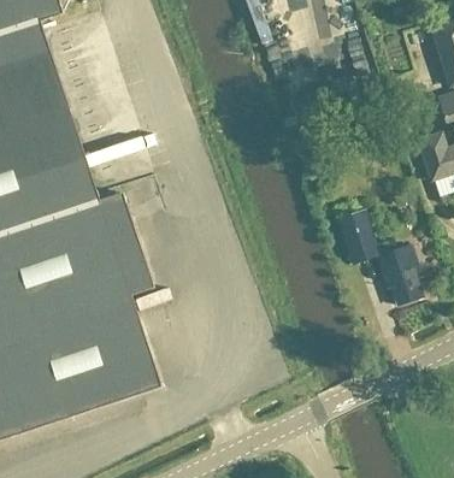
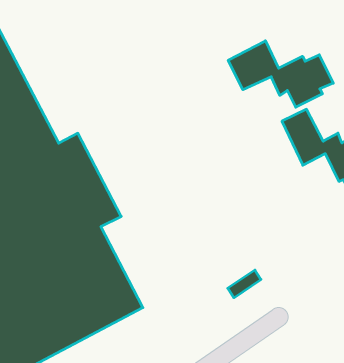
building: none -> [228,41,333,107]

